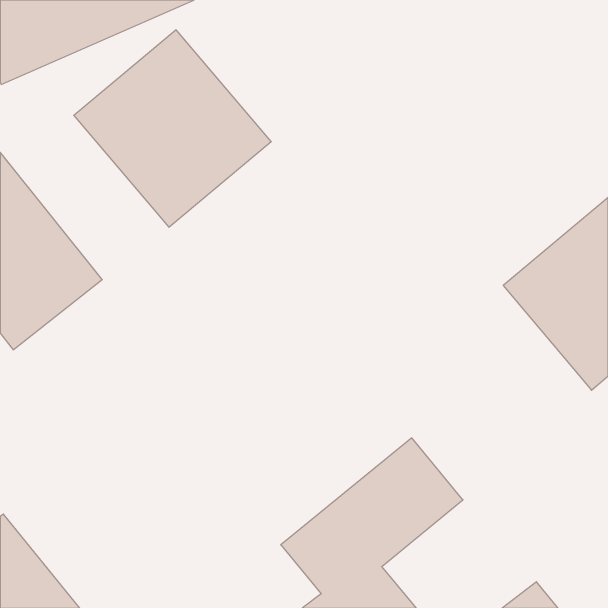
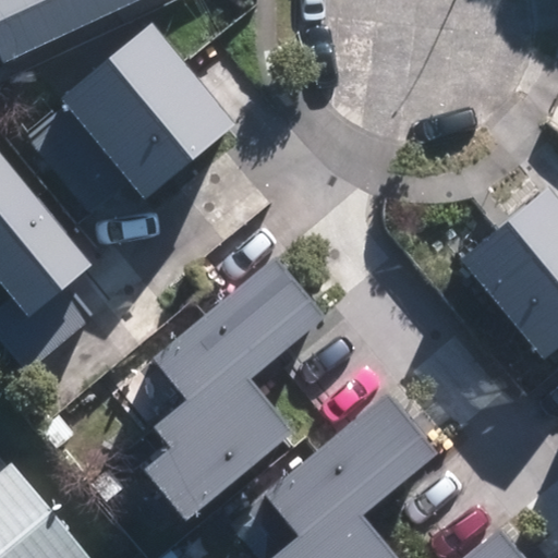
building: none -> [146,263,315,519]

